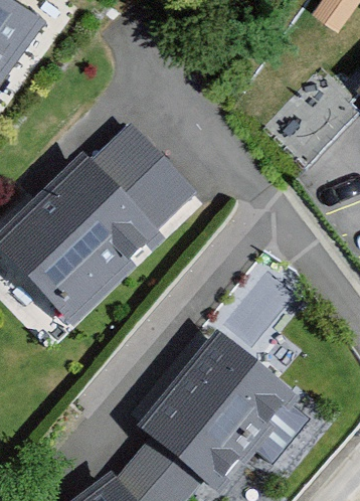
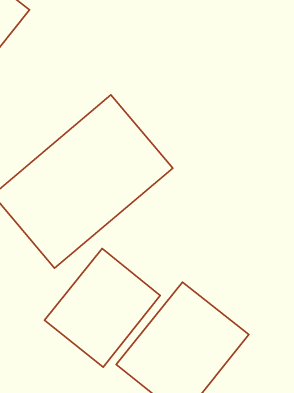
building: none -> [45,248,160,367]

